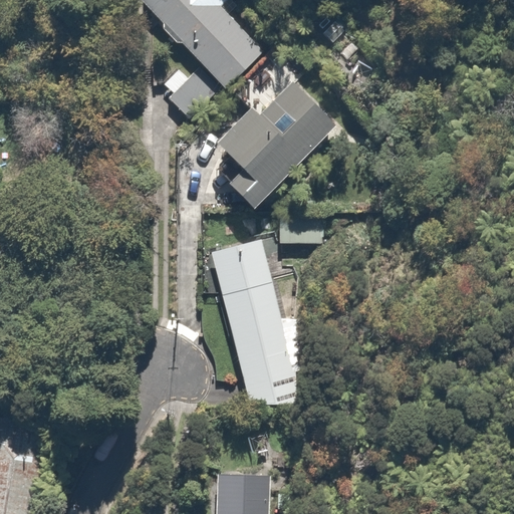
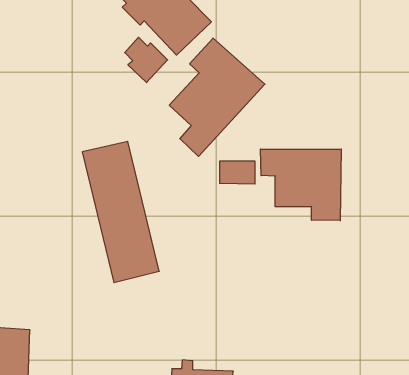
building: none -> [261,149,341,221]
building: [208,237,303,412] -> [82,141,159,283]

